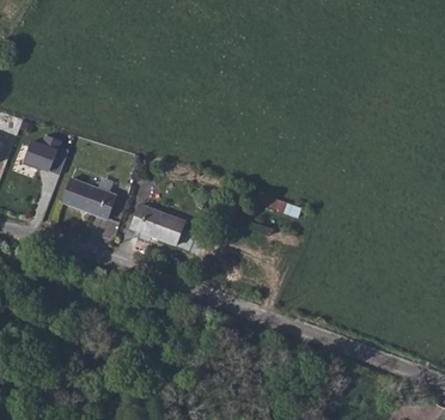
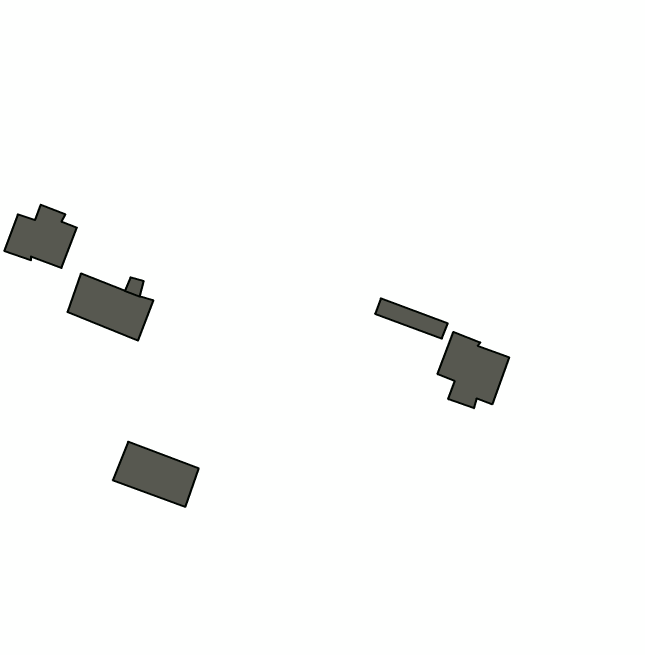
building: [130,203,184,244] -> [113,442,199,507]
building: none -> [438,332,509,408]

